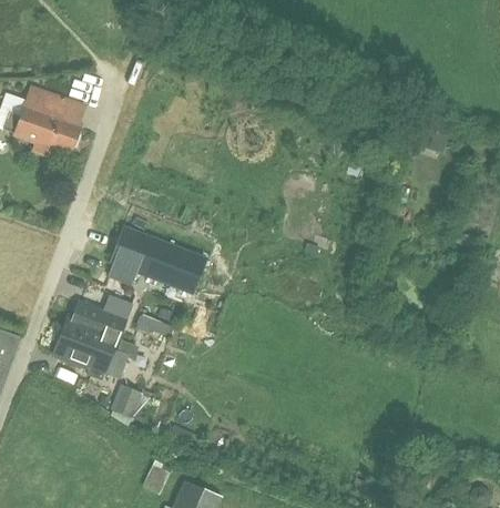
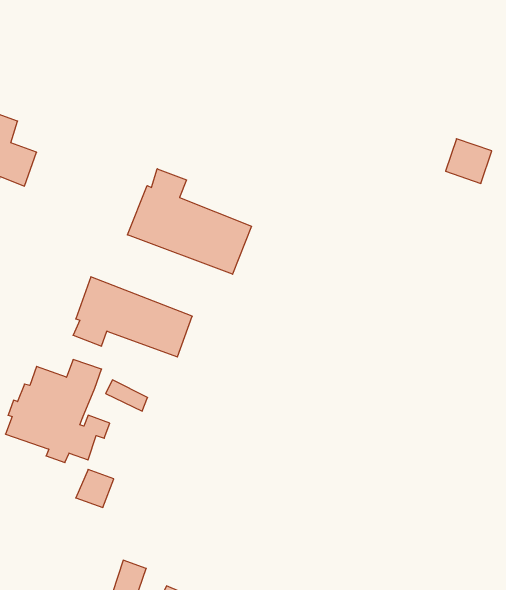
building: none -> [127,169,251,274]

